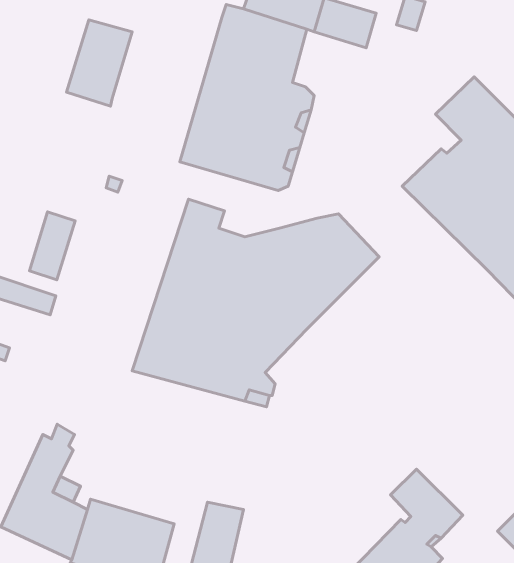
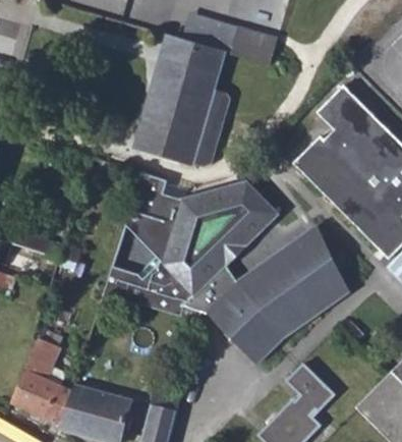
building: [66,20,132,106] -> none
building: [29,212,75,280] -> none
building: none -> [195,226,348,364]

